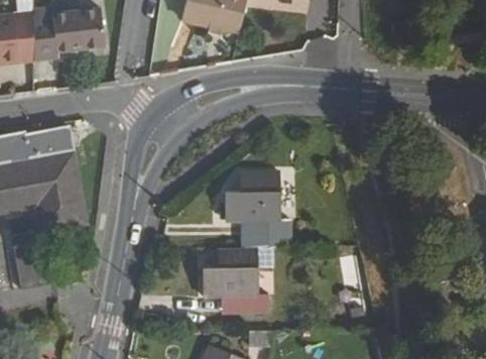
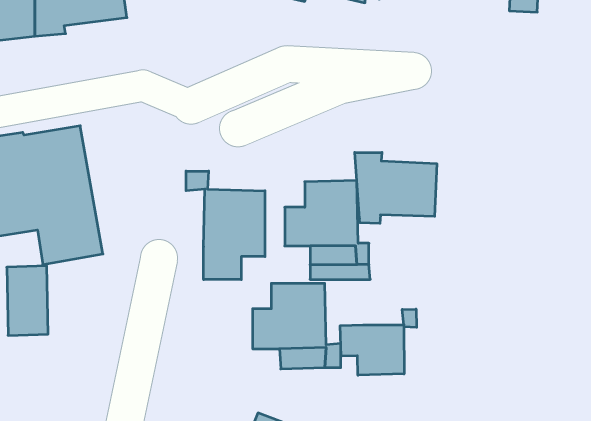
building: none -> [355,152,437,223]
building: none -> [186,171,265,280]
building: none -> [340,309,417,375]

